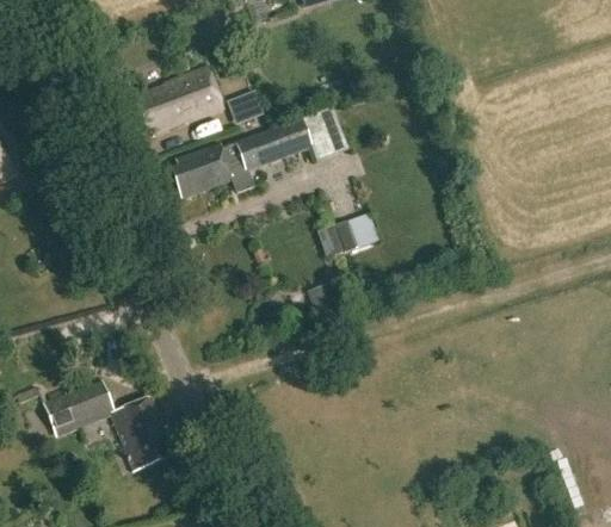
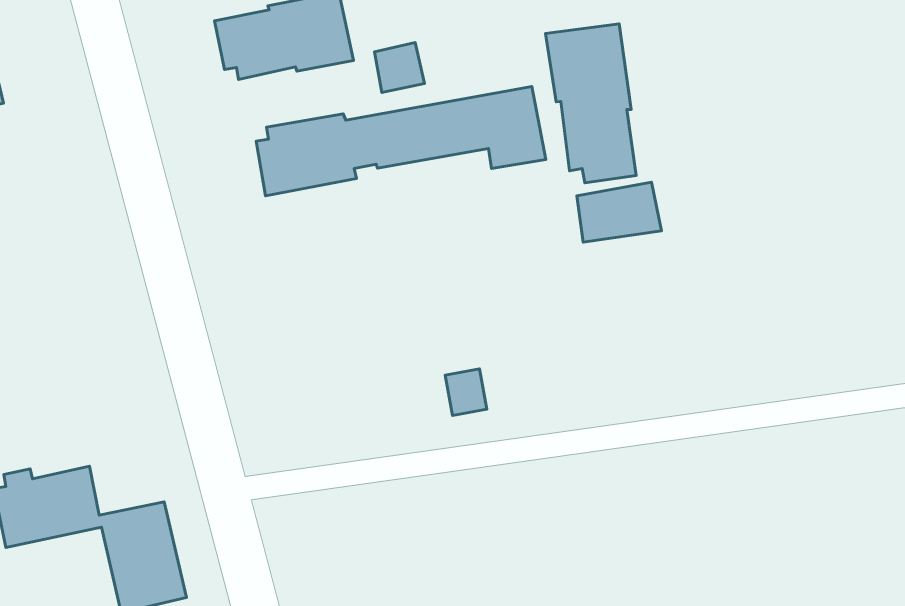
building: none -> [546,24,636,183]
building: [326,213,381,256] -> [577,182,662,242]

